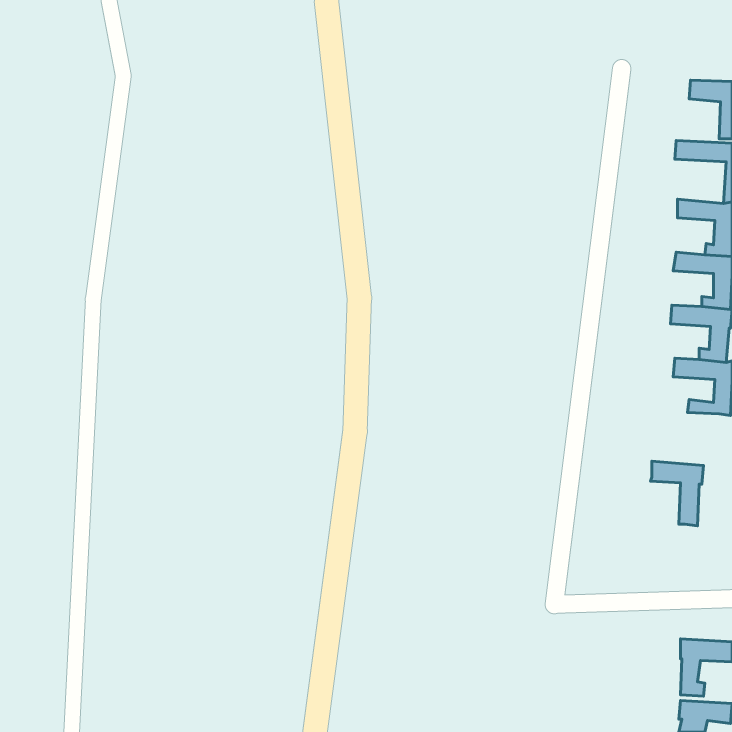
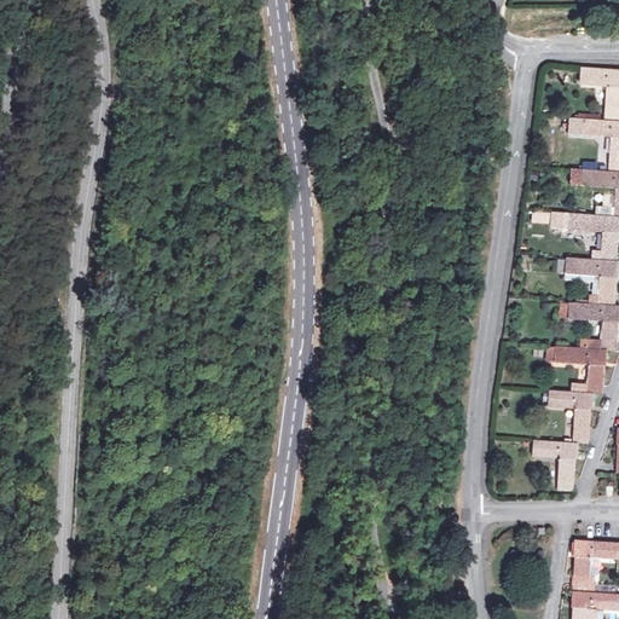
building: none -> [556,346,607,393]
building: none -> [533,440,578,491]

